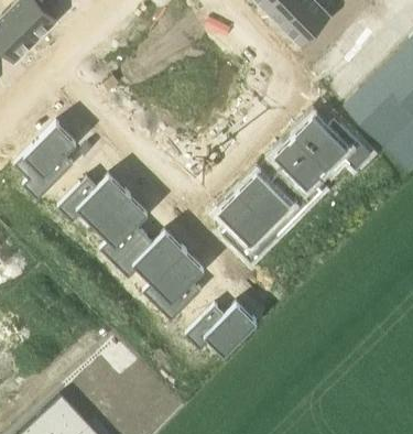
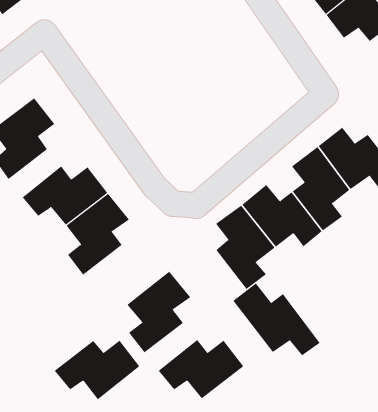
building: [115,234,186,286] -> [54,340,140,400]
building: none -> [232,282,321,356]

